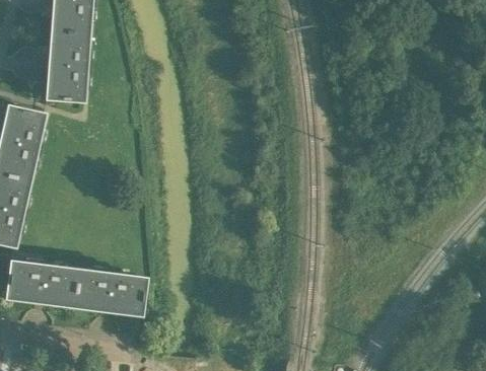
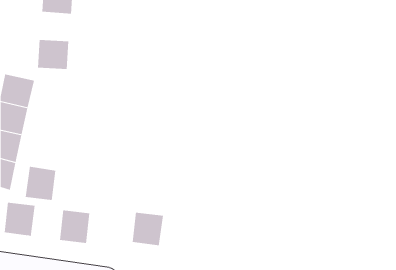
building: [49,30,88,66] -> none
building: [40,265,77,306] -> [25,166,56,201]
building: [107,274,145,314] -> [132,212,164,246]

